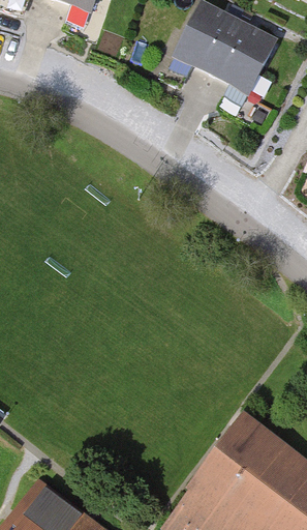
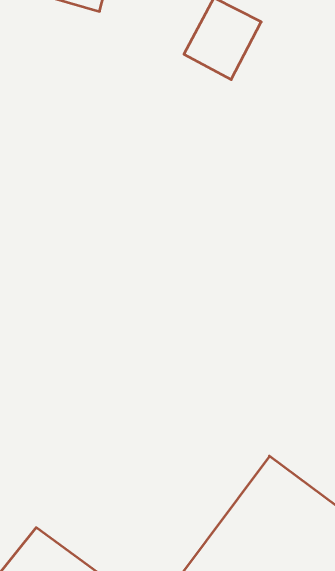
building: [210,22,278,95] -> none

